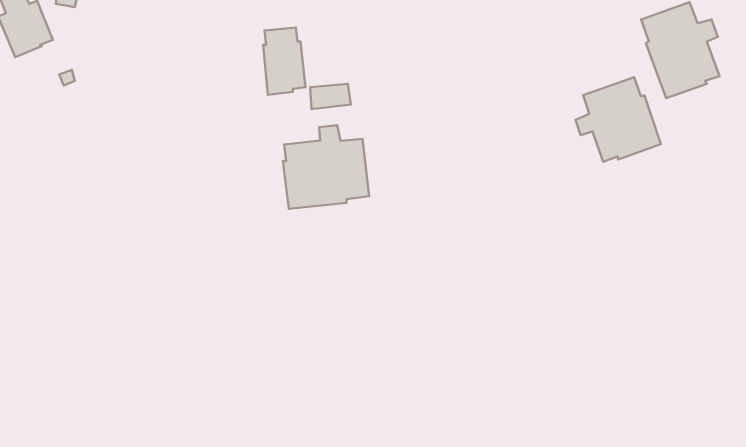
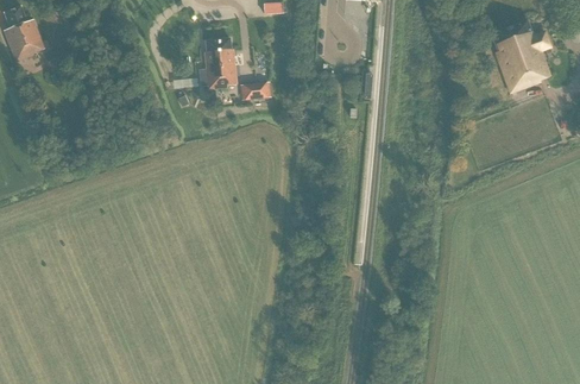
building: [575,77,661,162] -> none
building: [283,125,369,209] -> none

